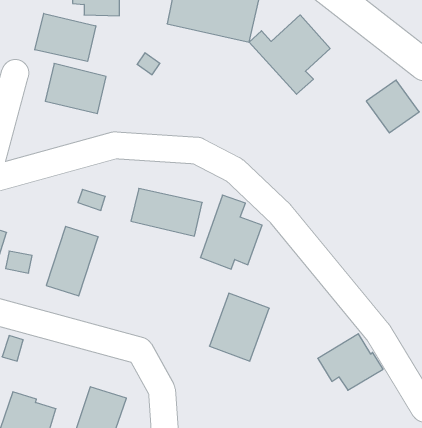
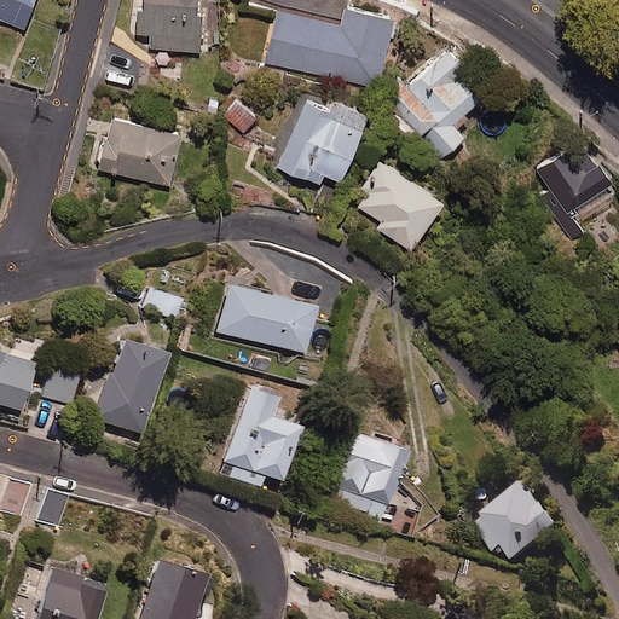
building: [35,13,96,61] -> none
building: none -> [277,94,368,185]
building: none -> [351,161,442,250]
building: [200,195,262,269] -> [219,386,303,487]

